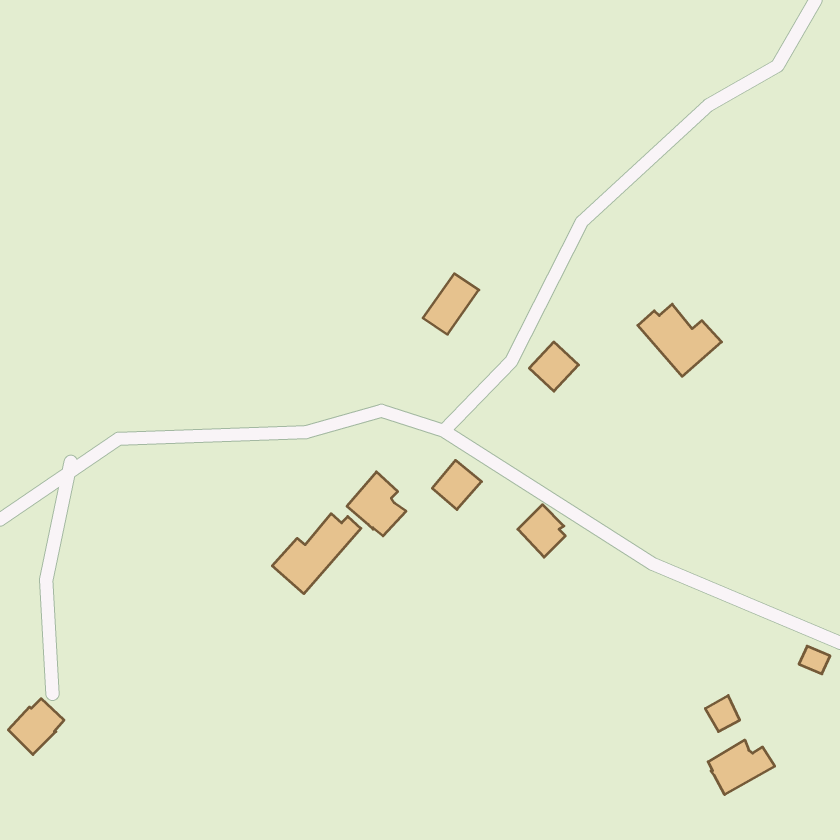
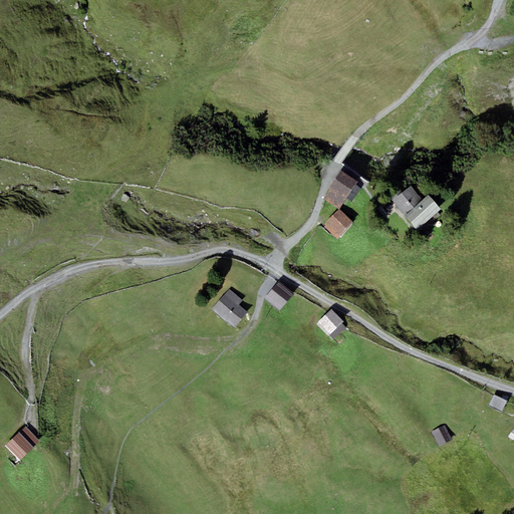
building: [423,274,479,334] -> [323,171,357,208]
building: [272,514,361,594] -> none
building: [708,740,775,795] -> none

